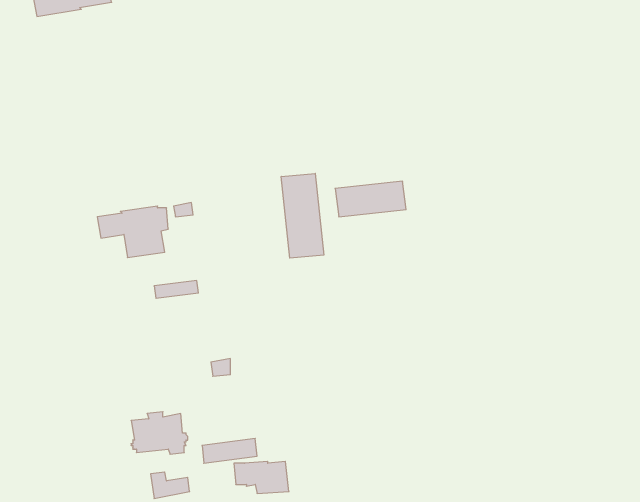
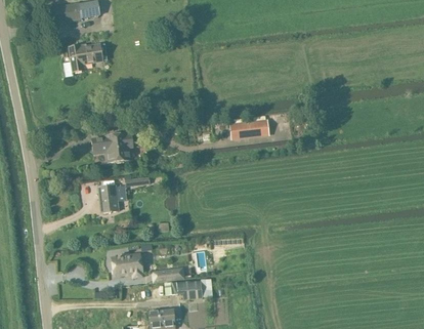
building: none -> [70,44,103,72]
building: [281,173,324,258] -> none
building: none -> [98,186,119,213]

